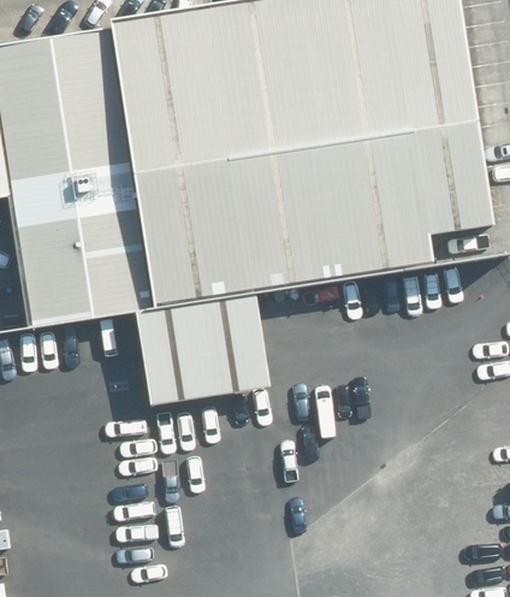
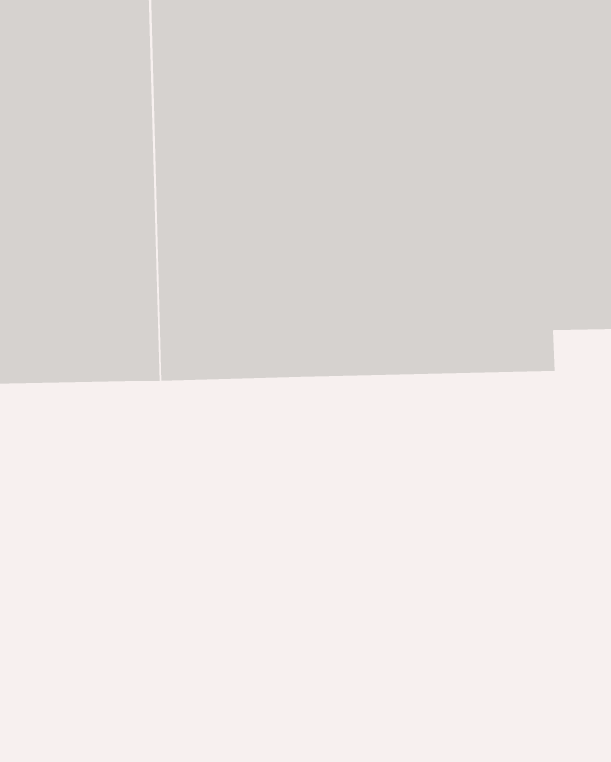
building: [134,290,269,408] -> none

